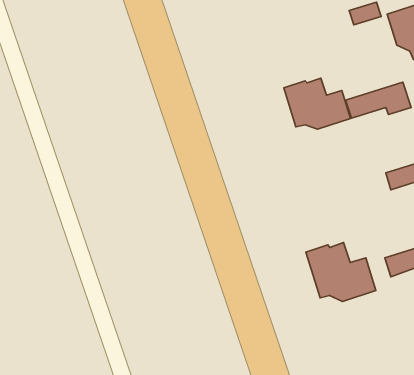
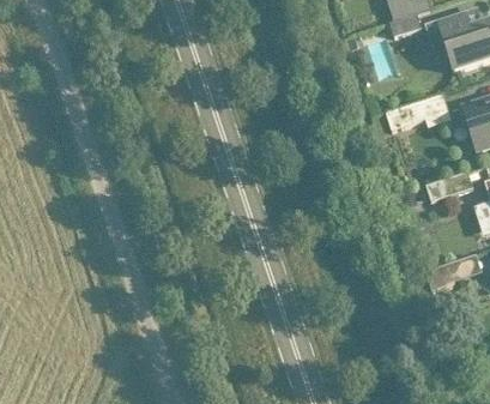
building: [284,78,351,129] -> none
building: [306,242,376,301] -> none

